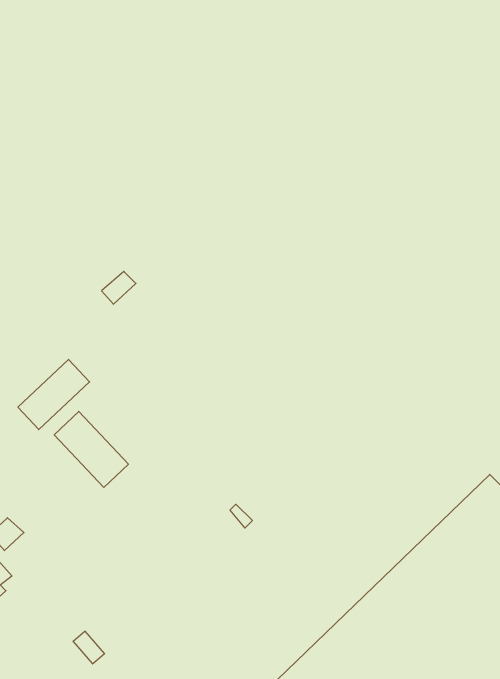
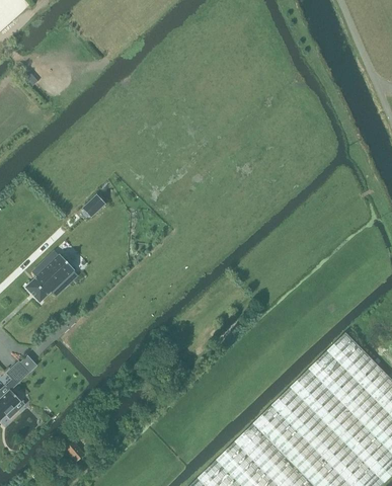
building: [54,411,128,487] -> none

